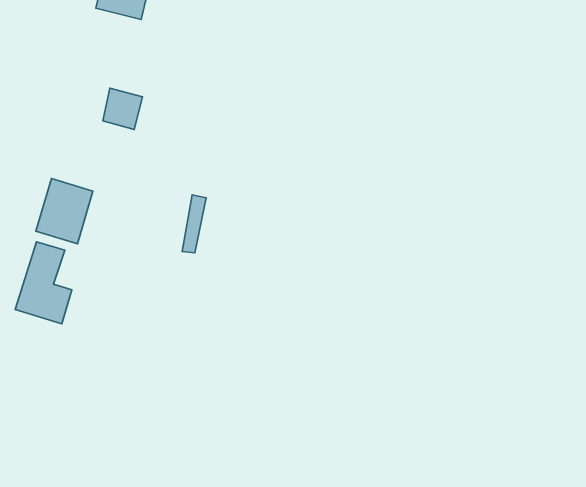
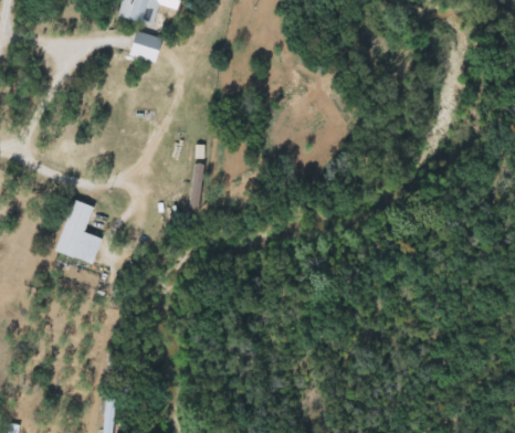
building: [103,88,143,129] -> [128,30,159,62]
building: [36,179,93,244] -> none

